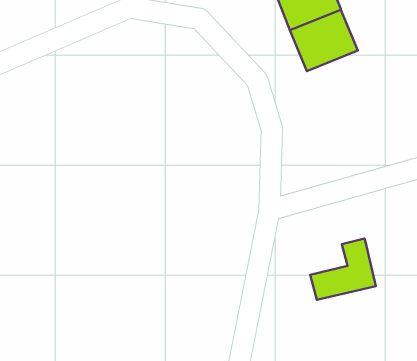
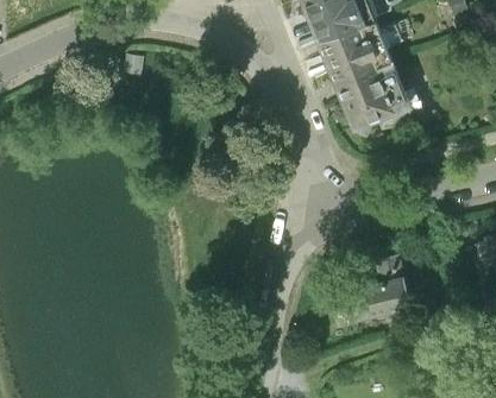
building: none -> [338,63,416,132]

